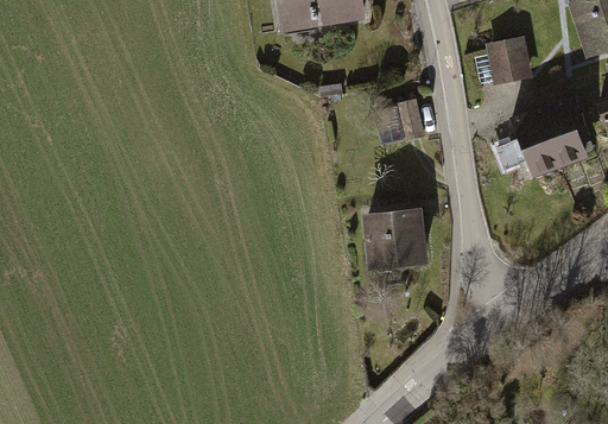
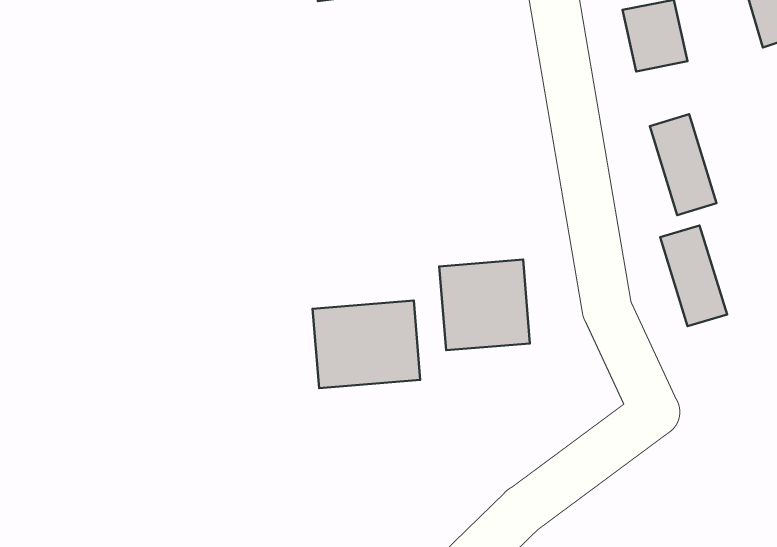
building: [537,101,583,171] -> [660,225,727,326]
building: none -> [313,300,420,388]

